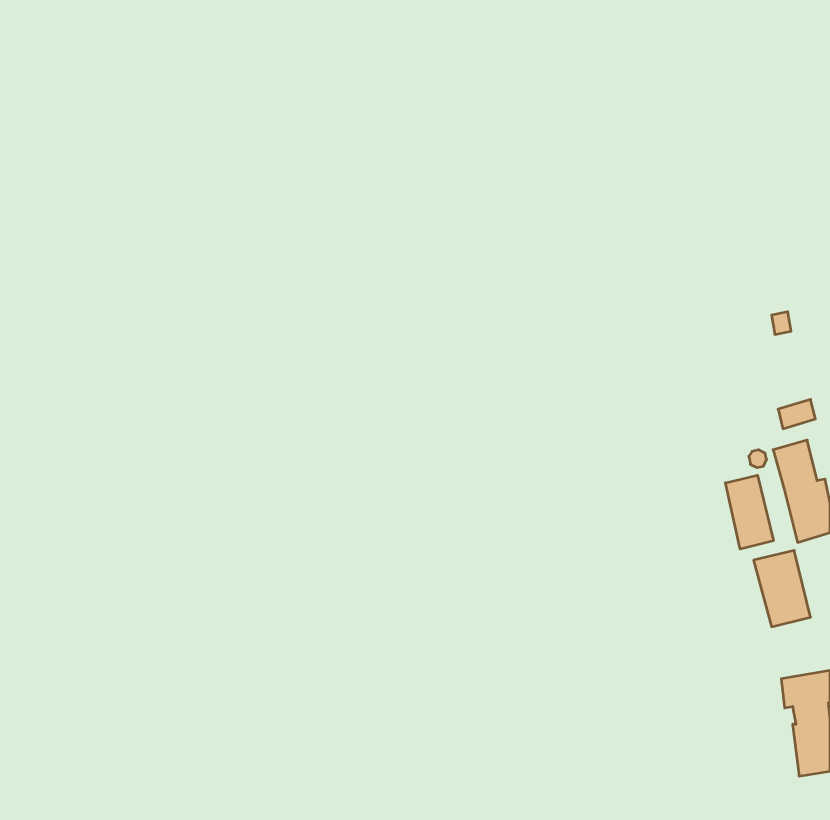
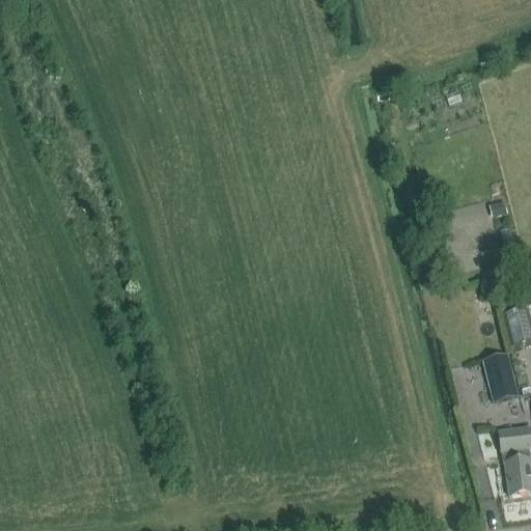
building: [725,475,773,549] -> none

